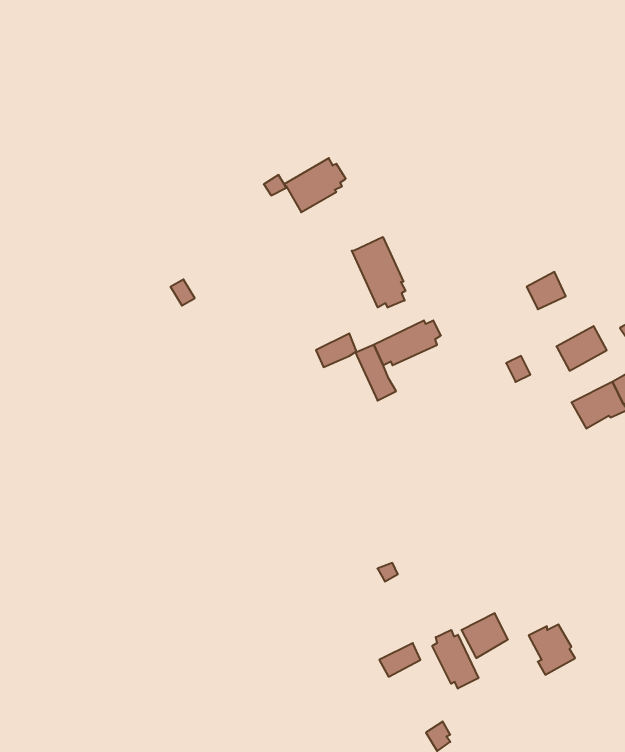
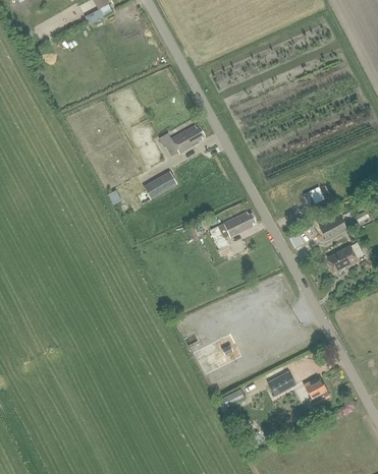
building: [352,237,405,308] -> none
building: none -> [143,171,177,199]
building: [432,630,478,689] -> none

